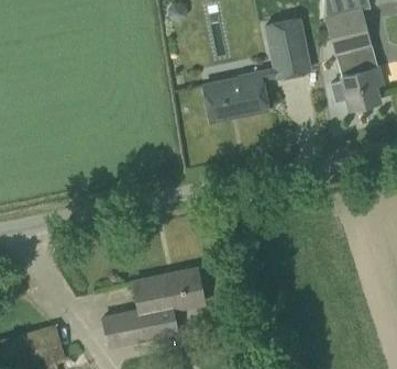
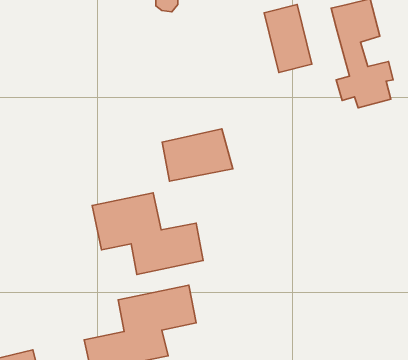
building: [205,75,268,122] -> [162,129,233,181]
building: none -> [92,193,203,274]

